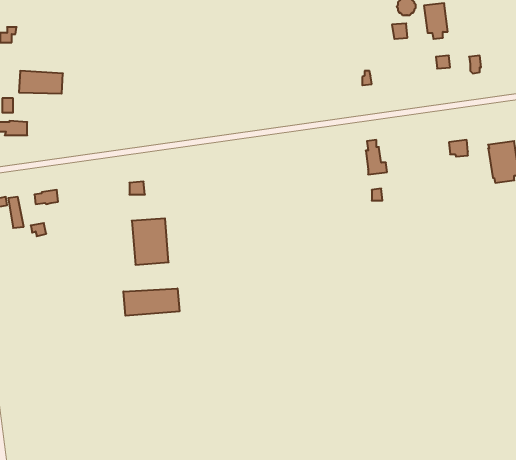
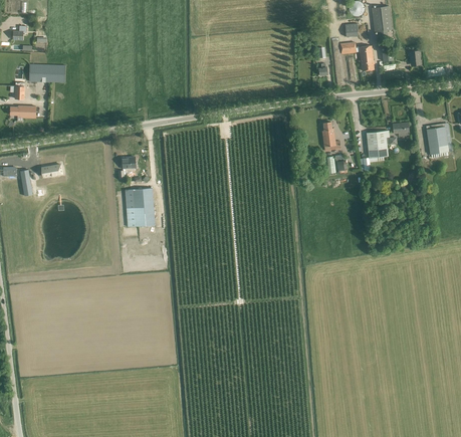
building: none -> [340,41,374,69]
building: none -> [364,130,397,170]
building: [123,288,179,316] -> none

